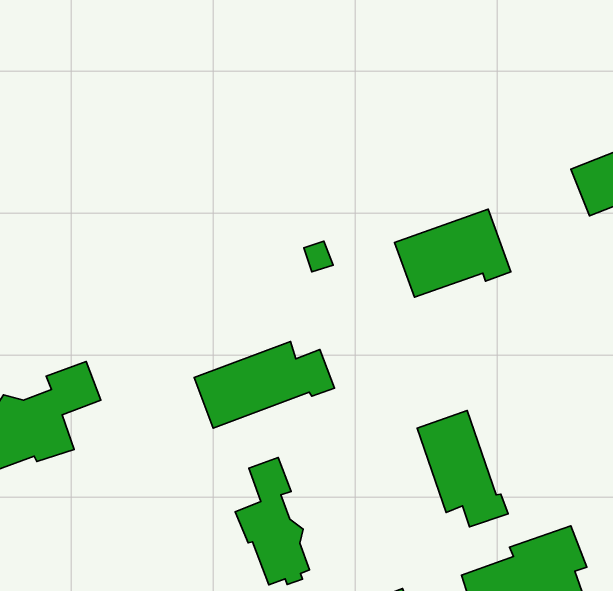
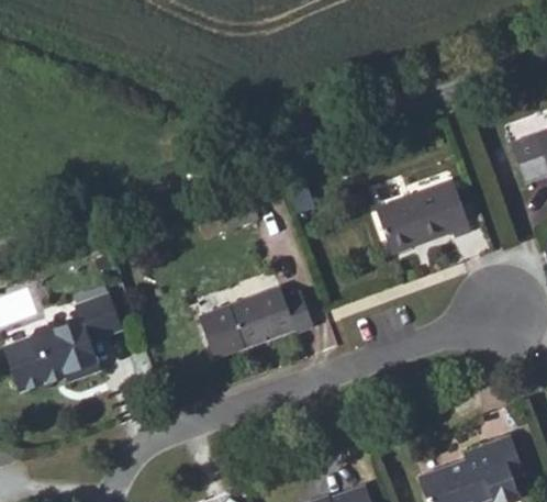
building: [417,411,508,527] -> none
building: [235,457,309,585] -> none

